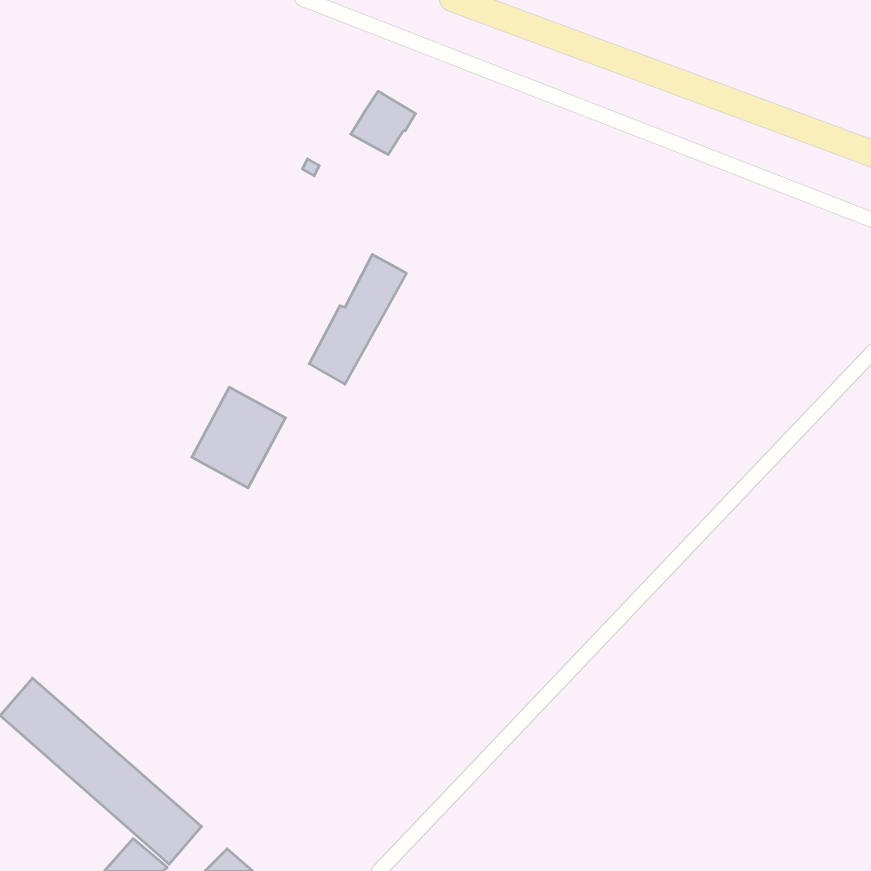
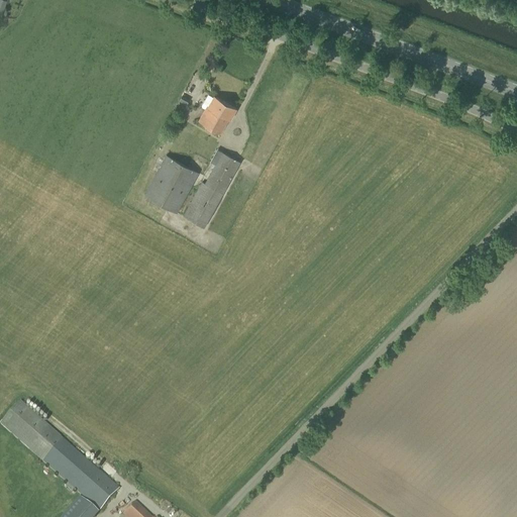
building: [351,91,416,155] -> [199,95,237,132]
building: [192,387,286,488] -> [144,153,200,213]

